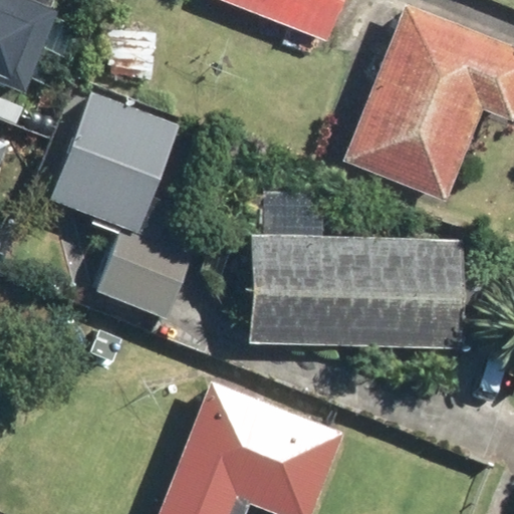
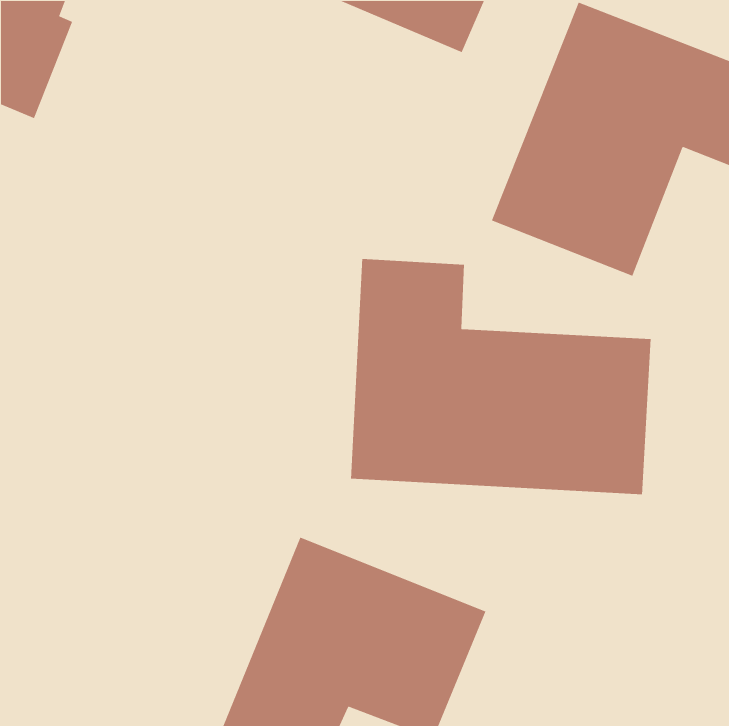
building: [49,87,199,321] -> none

